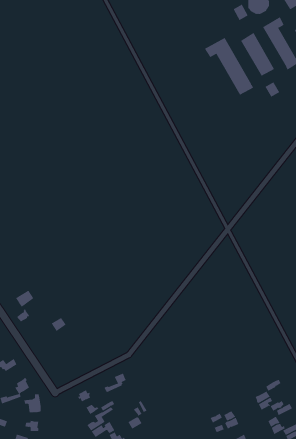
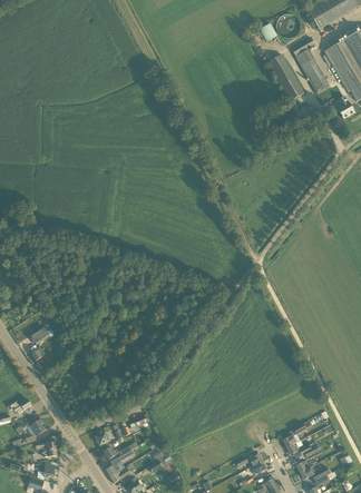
building: [204,37,254,95] -> none

